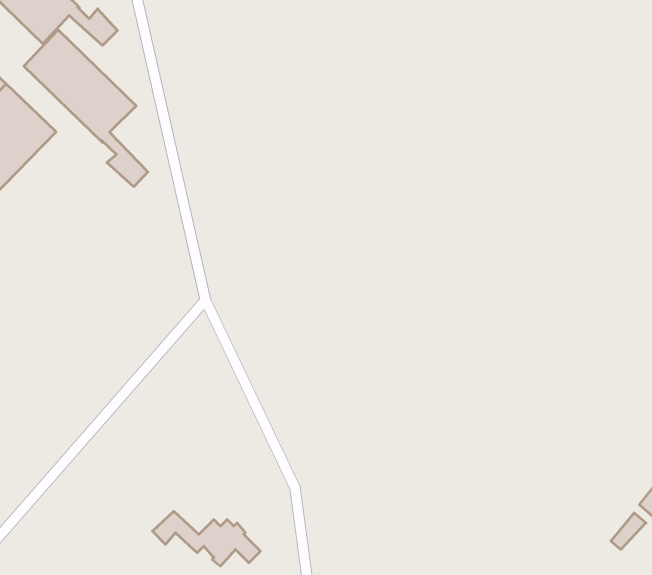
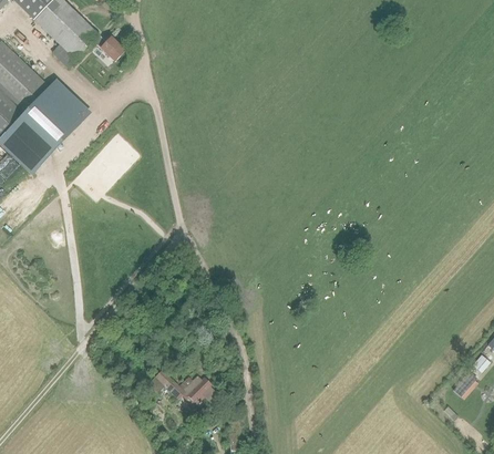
building: [24,30,148,187] -> none

